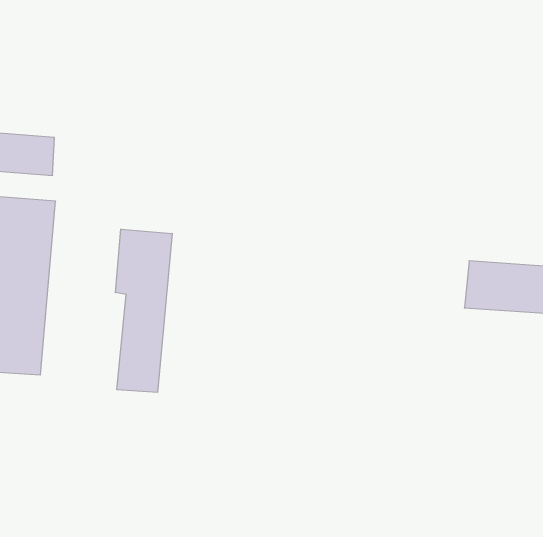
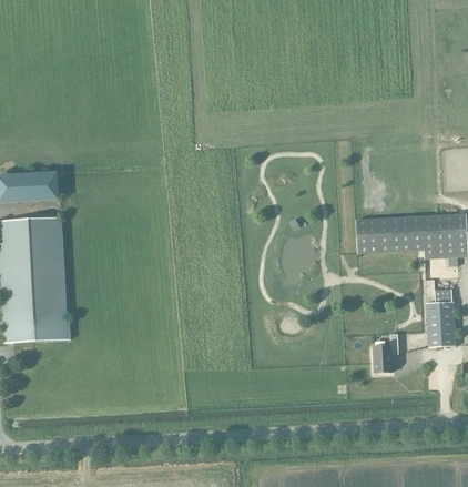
building: [115,229,172,392] -> none
building: none -> [373,333,398,372]

